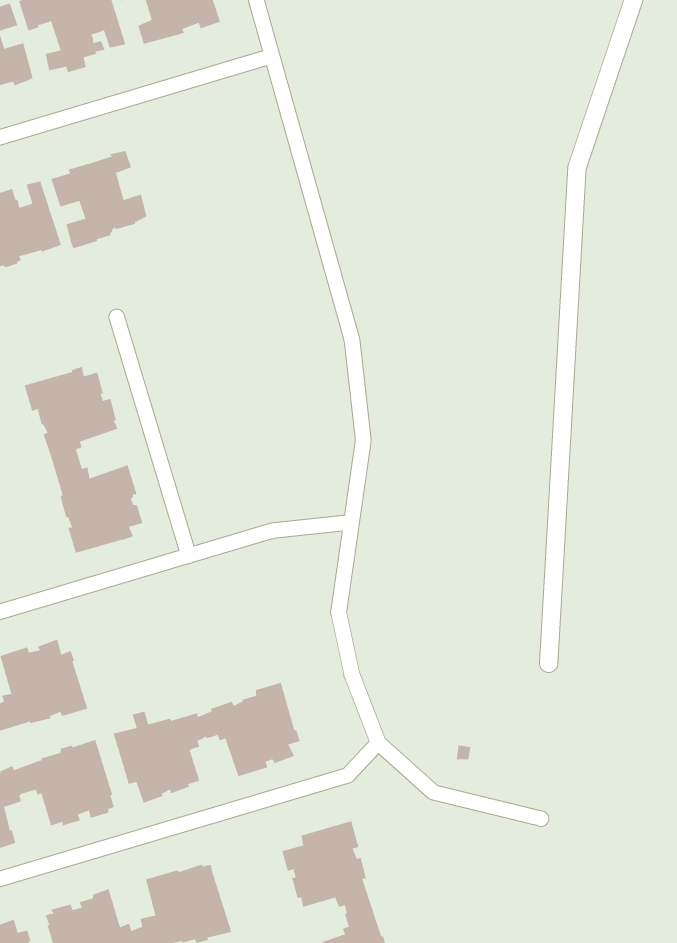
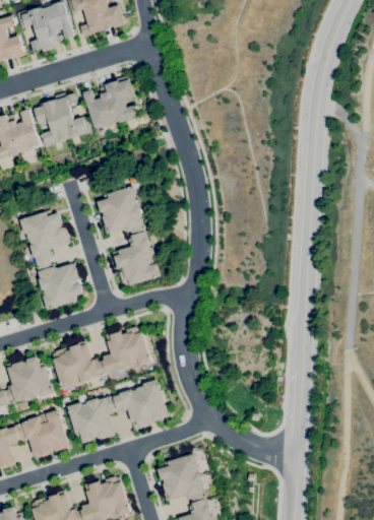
building: none -> [83,75,140,128]
building: none -> [98,186,162,286]
building: none -> [52,327,151,390]

